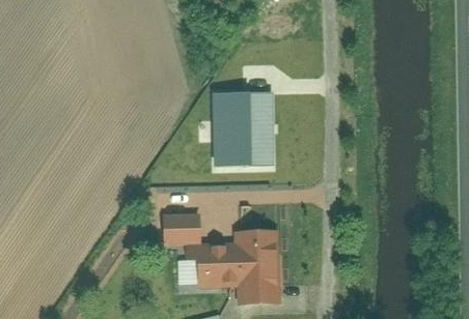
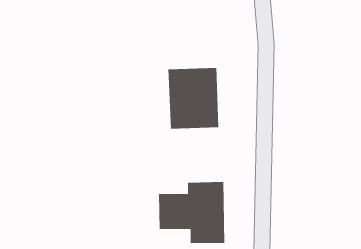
building: [163,212,204,245] -> none

